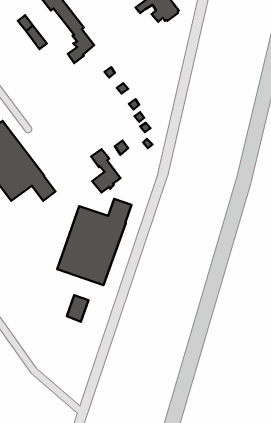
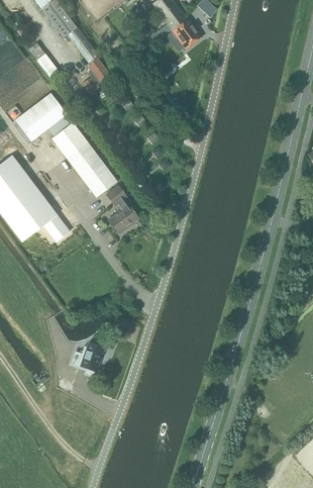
building: none -> [15,93,67,141]
building: none -> [51,122,117,197]
building: [57,199,131,285] -> none

